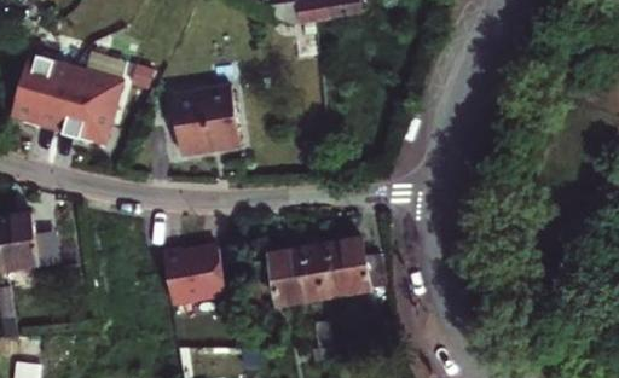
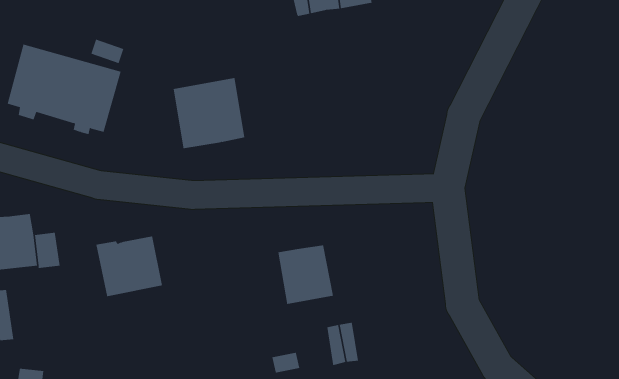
building: [314,239,384,296] -> none
building: [162,244,227,303] -> [95,236,163,297]

